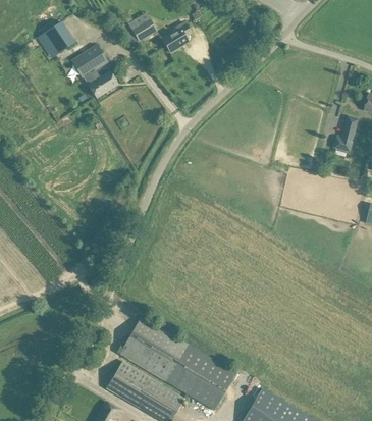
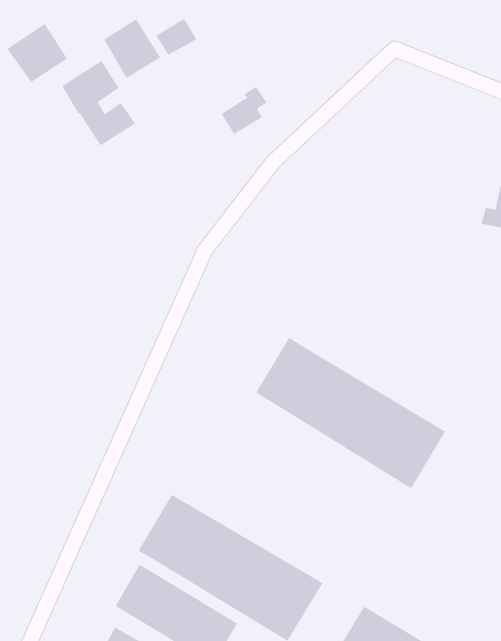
building: none -> [104,19,161,79]
building: [162,21,192,52] -> [221,86,268,135]
building: none -> [255,337,446,489]

